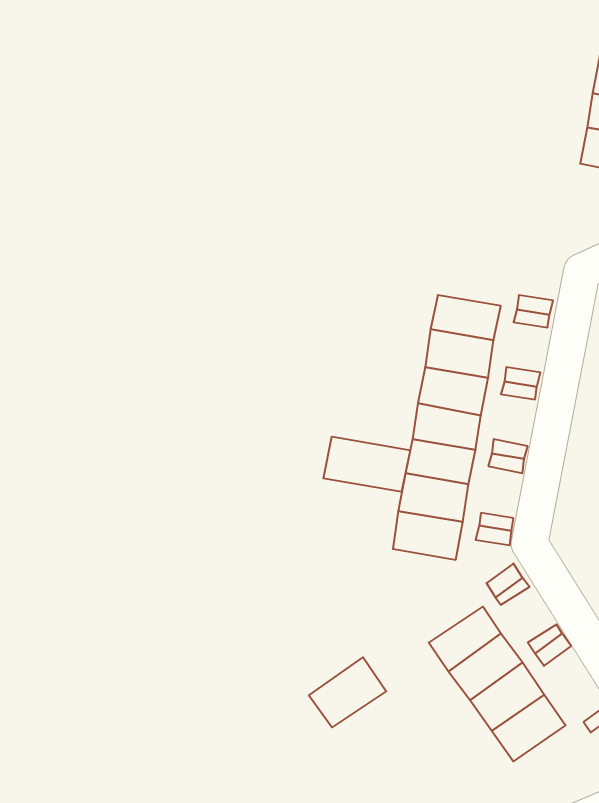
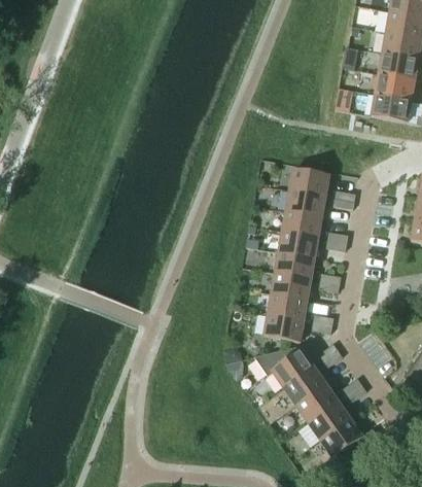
building: none -> [290,168,330,196]
building: [323,437,410,492] -> none
building: [309,657,386,727] -> [272,348,316,388]

